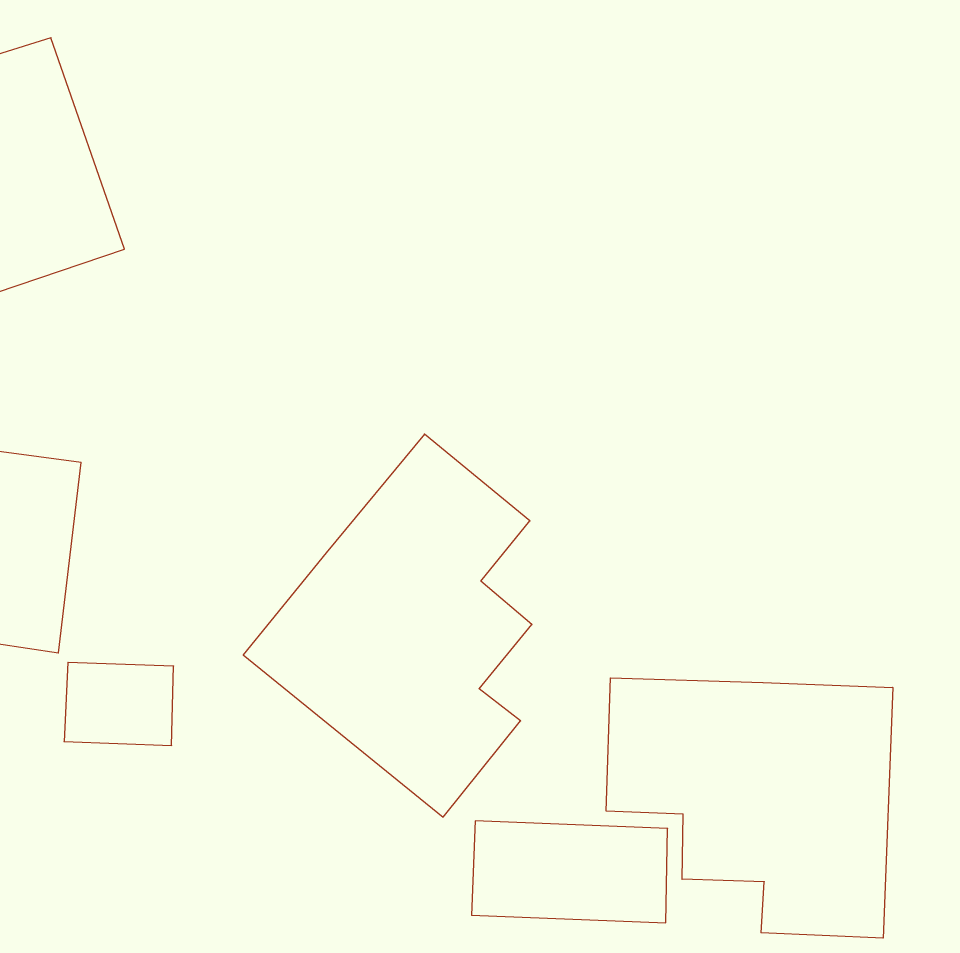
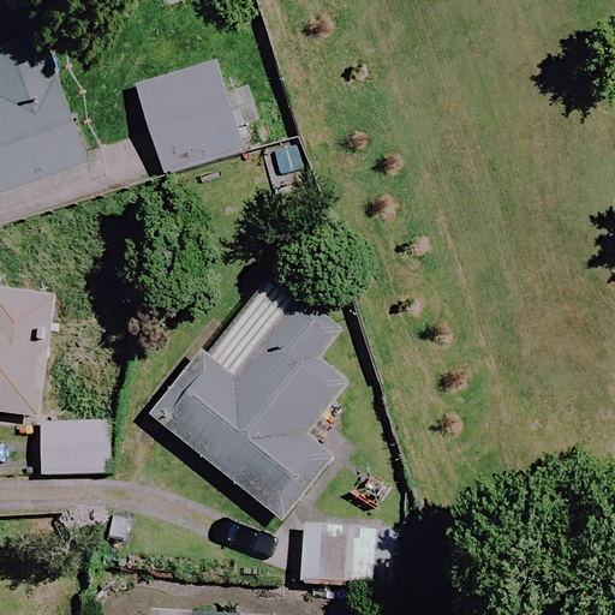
building: none -> [136,60,240,175]
building: [606,678,893,938] -> none

